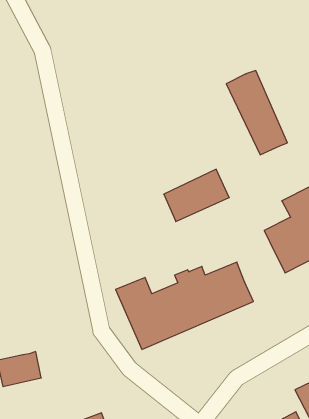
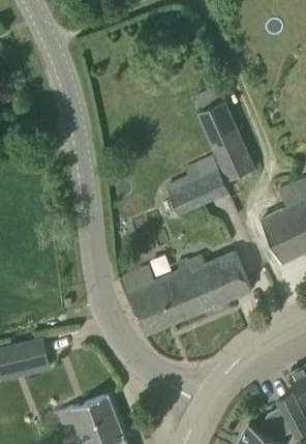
building: [226,71,287,155] -> [196,101,254,181]

